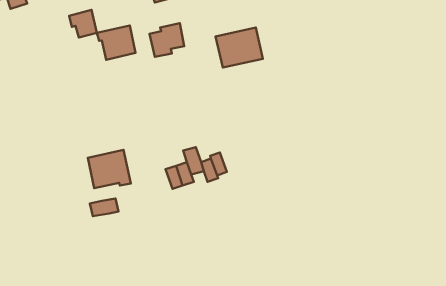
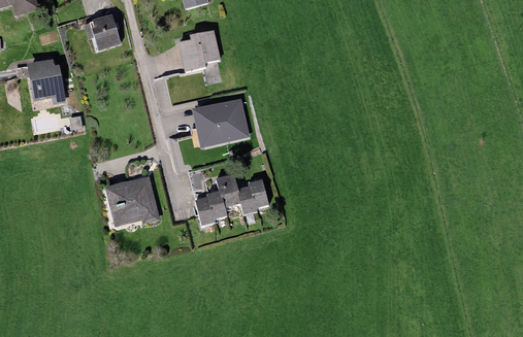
building: [97,25,136,60] -> none
building: [216,28,263,68] -> [192,95,247,141]
building: none -> [25,55,67,101]
building: [90,199,119,216] -> none

